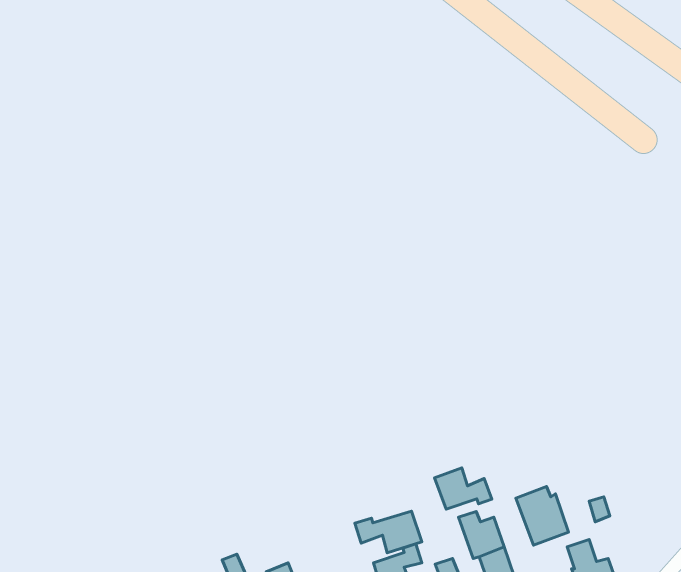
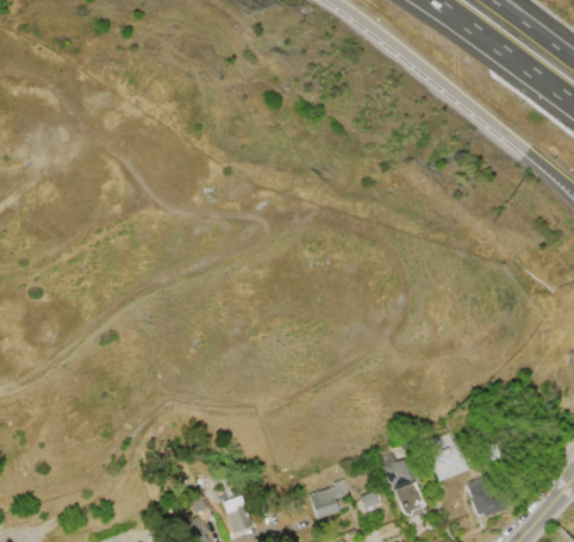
building: [434,468,492,509] -> none
building: [355,511,422,553] -> none

